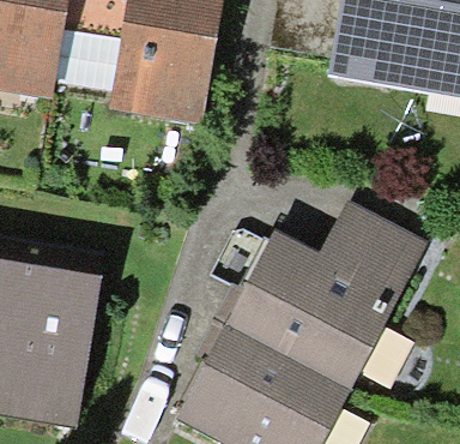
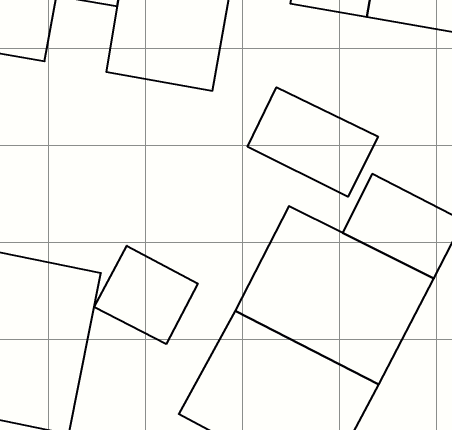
building: none -> [248,87,378,197]
building: none -> [94,246,198,344]

